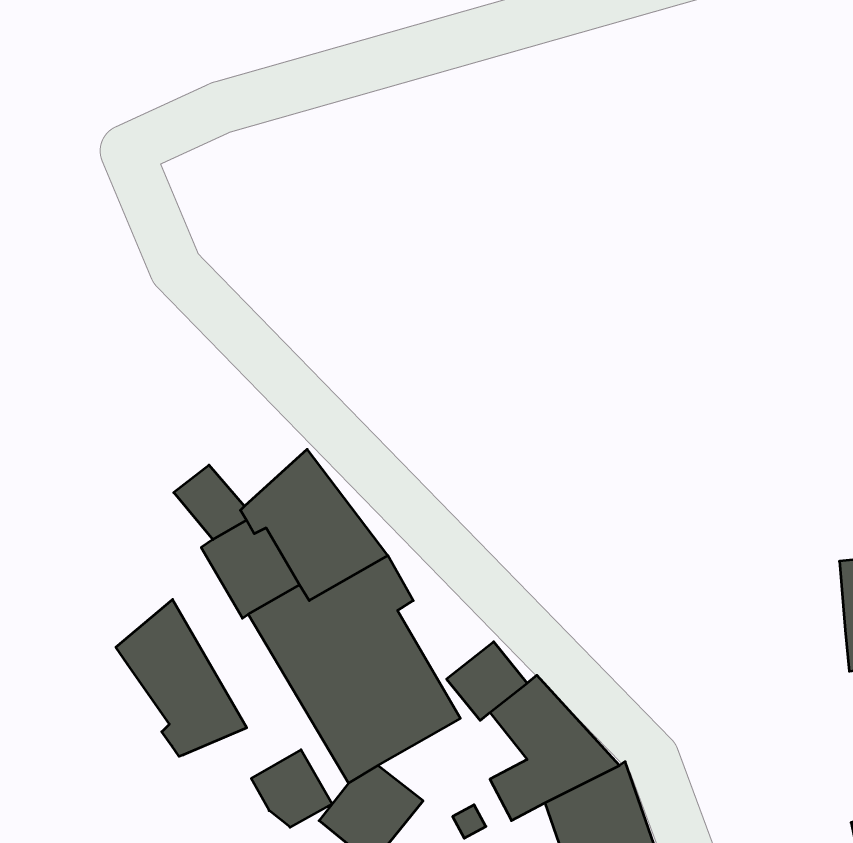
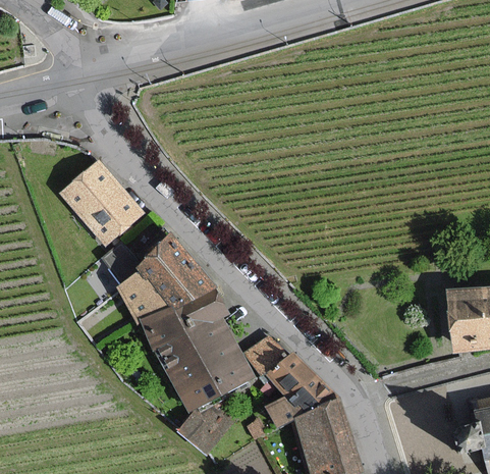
building: none -> [62,163,141,243]
building: [116,599,247,756] -> none
building: [251,750,332,827] -> none

